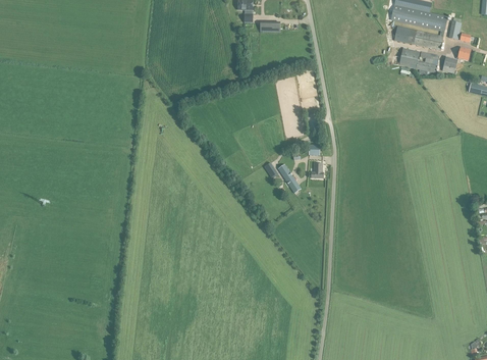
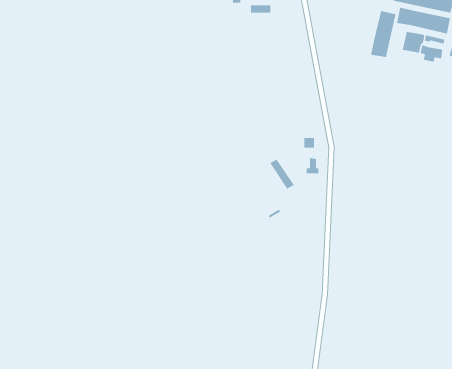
building: none -> [370,10,396,58]

